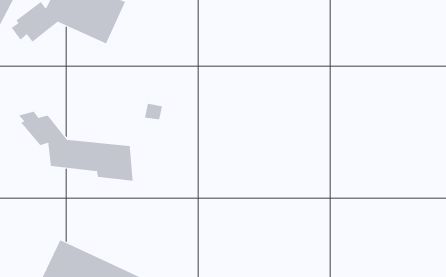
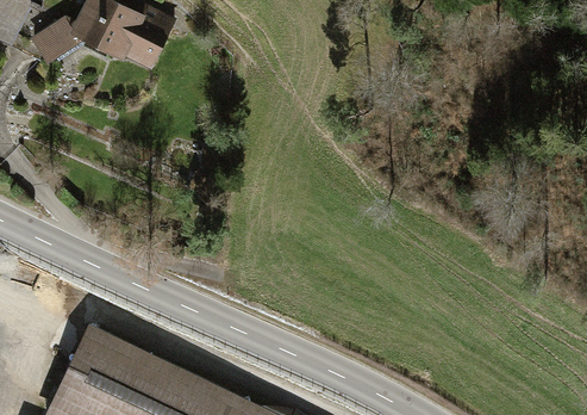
building: [18,111,133,182] -> none

